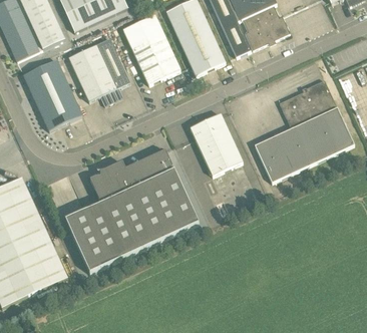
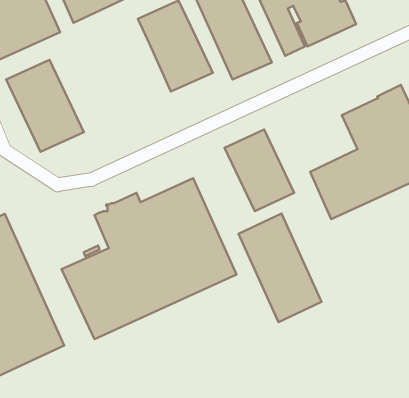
building: [68,37,129,104] -> none
building: none -> [238,213,321,322]

